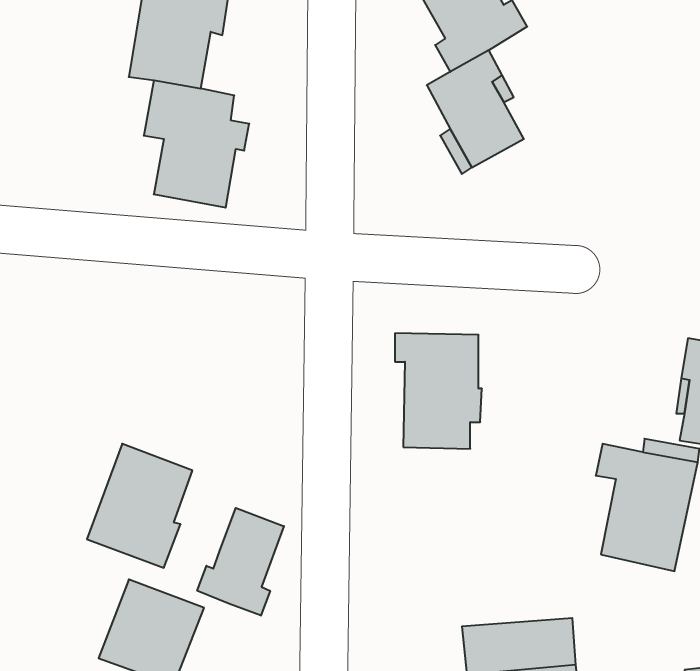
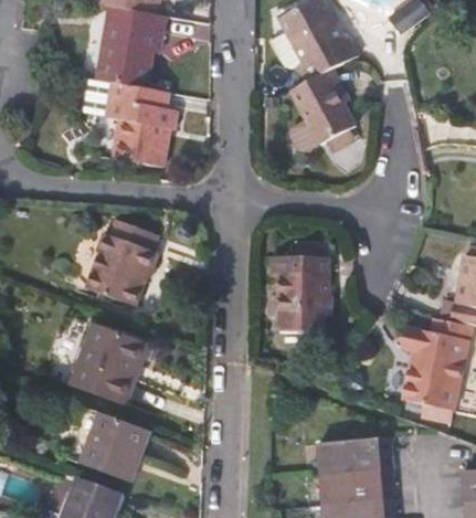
building: none -> [83,218,154,302]
building: [197,508,284,616] -> none

